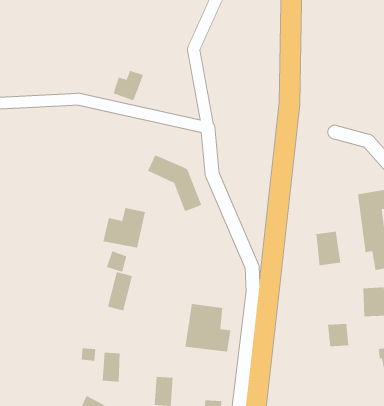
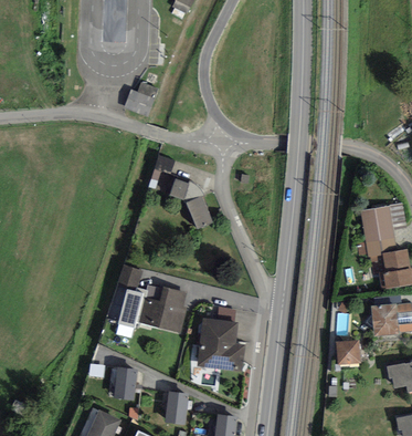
building: [103,207,146,248] -> [139,289,182,330]
building: [316,231,341,266] -> none

